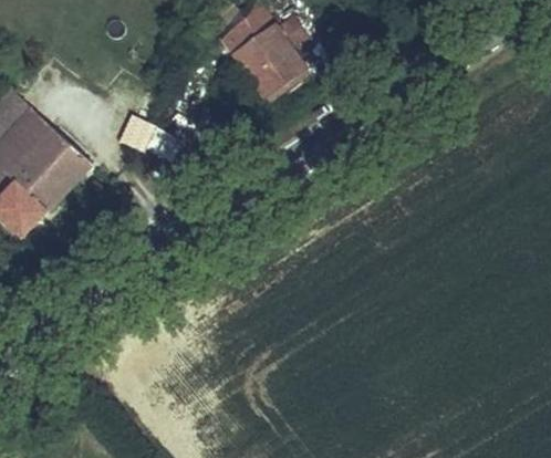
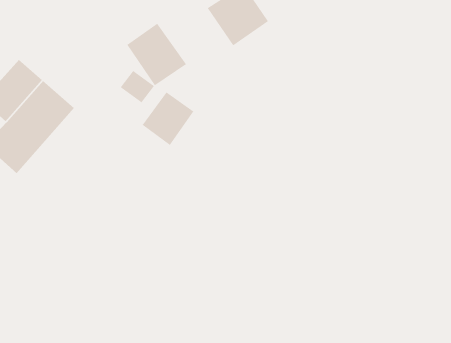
building: none -> [126,23,187,86]
building: none -> [142,92,194,146]

